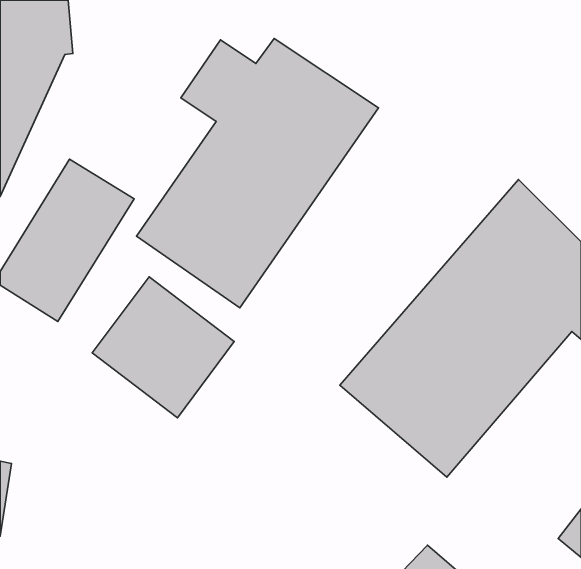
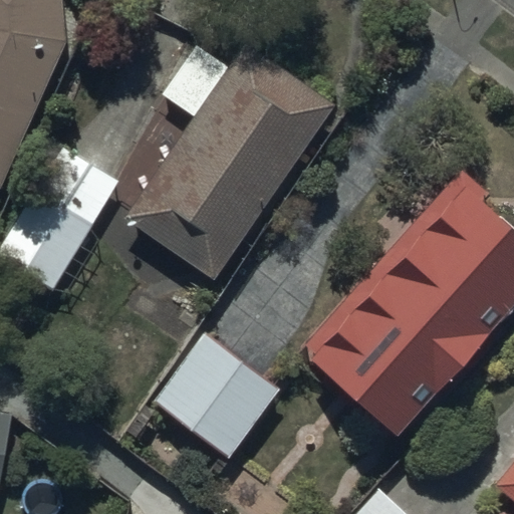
building: [92,277,234,418] -> [153,334,278,459]

